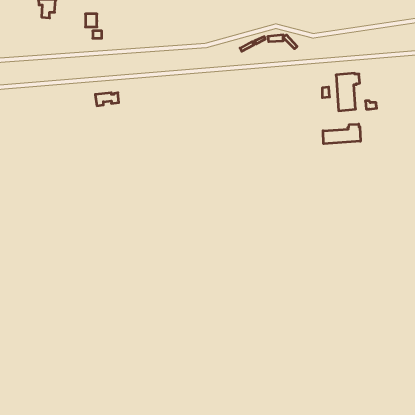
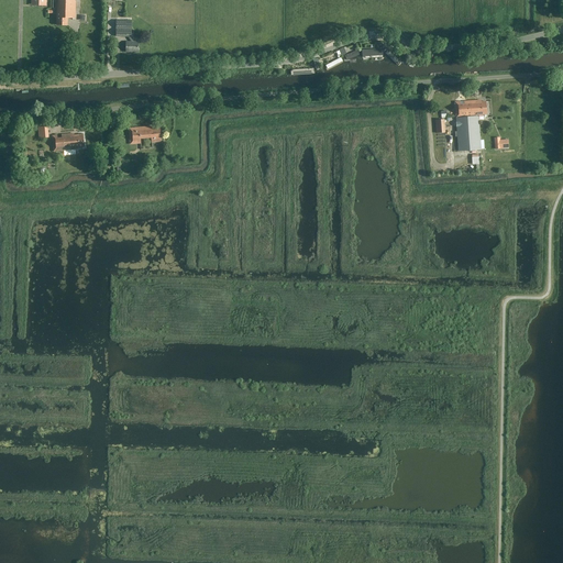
building: none -> [53,132,85,150]
building: [323,124,360,144] -> none

